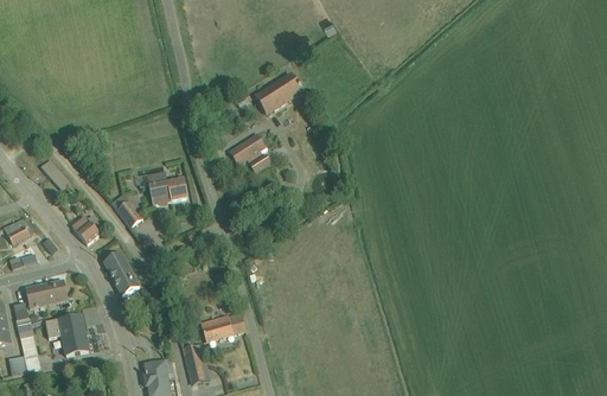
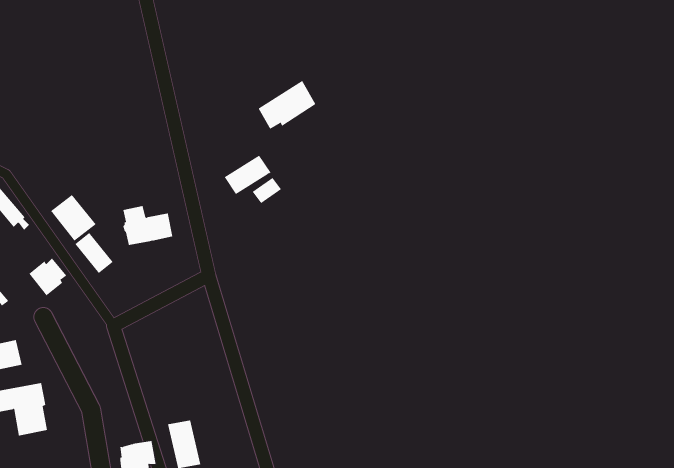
building: none -> [50,194,96,241]
building: [103,253,140,296] -> none
building: [200,314,245,343] -> none

